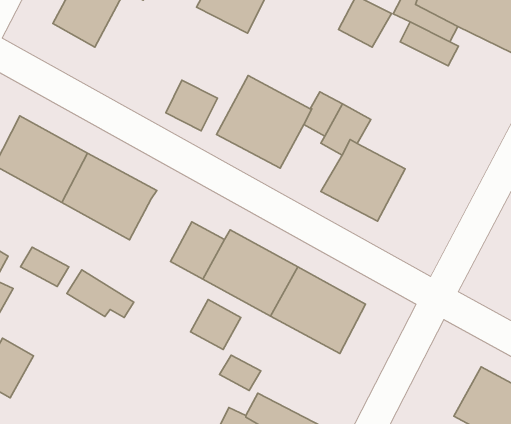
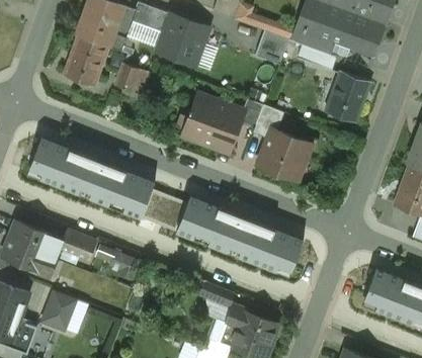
building: none -> [324,71,369,123]
building: [166,80,217,131] -> [114,64,148,96]
building: none -> [132,185,166,223]
building: [190,300,241,350] -> none

